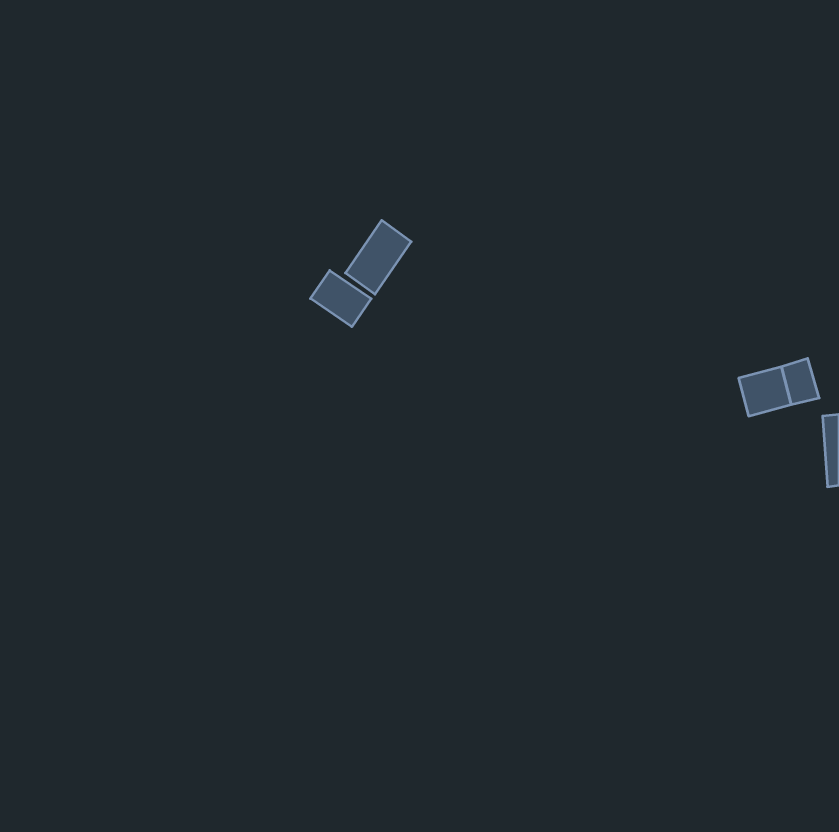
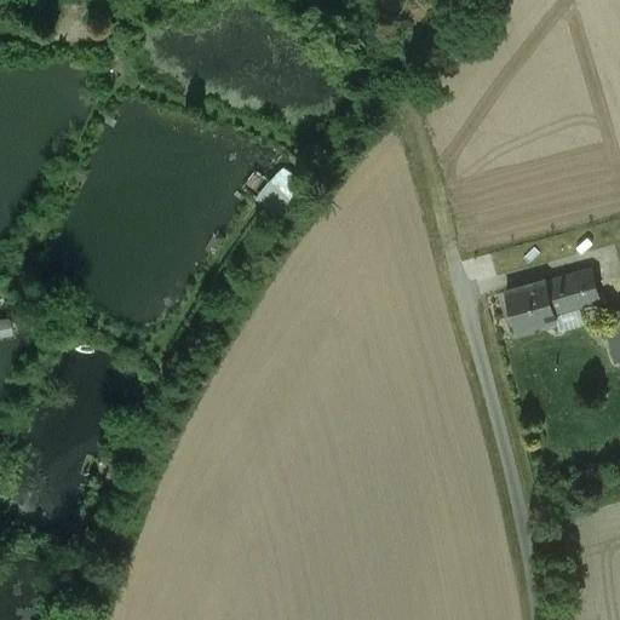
building: [310,270,371,327] -> none
building: none -> [503,281,553,332]

